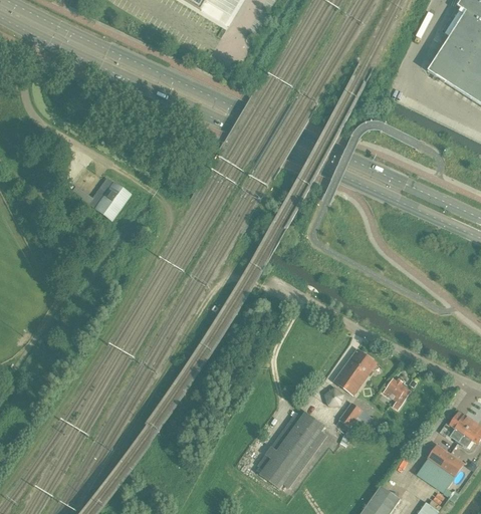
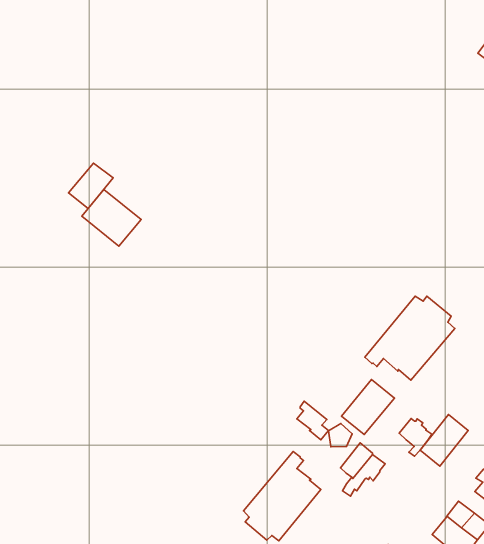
building: none -> [82,189,141,246]
building: none -> [365,296,455,380]
building: none -> [420,414,468,466]
building: [300,411,327,442] -> [297,401,329,440]

